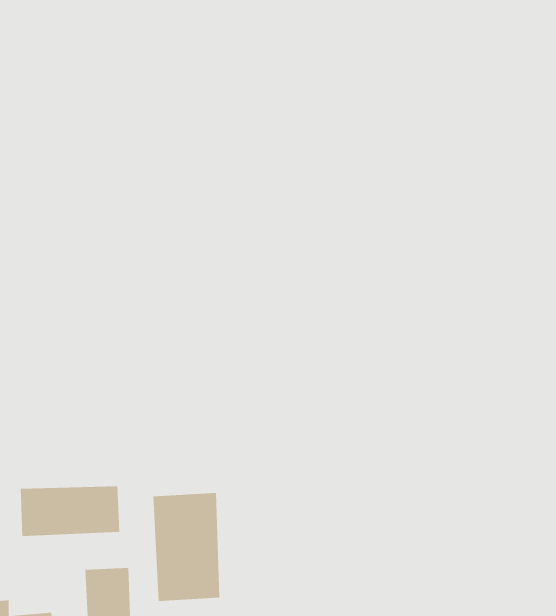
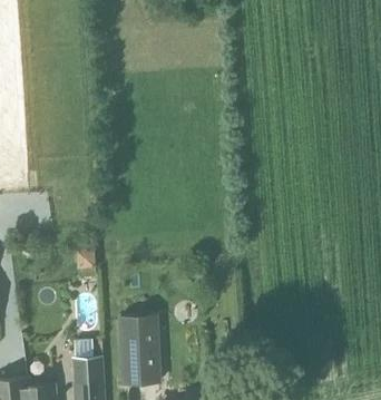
building: [20,486,120,537] -> none

